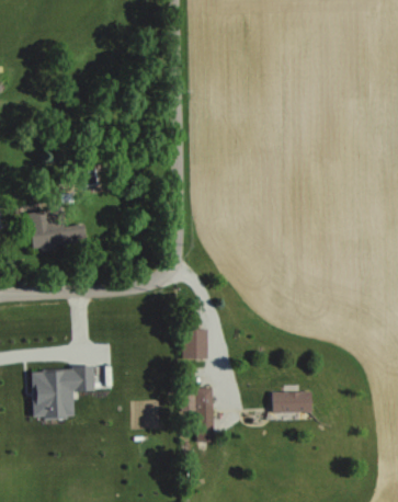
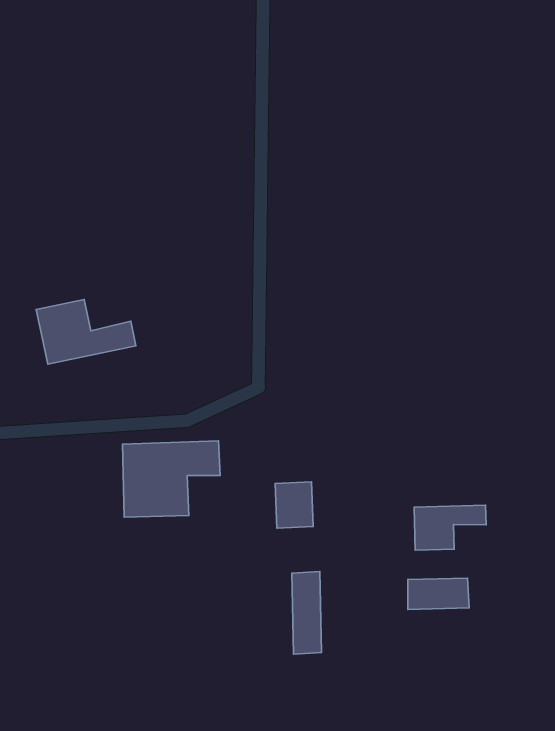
building: none -> [414,505,486,550]
building: [31,368,95,419] -> [122,441,220,517]

